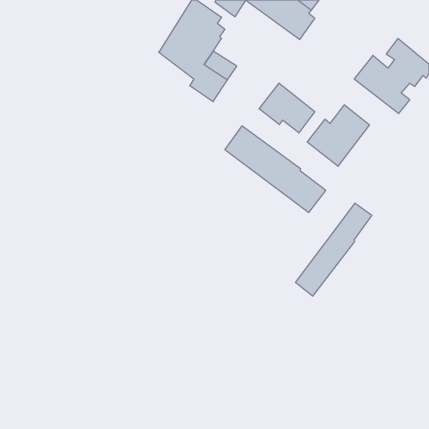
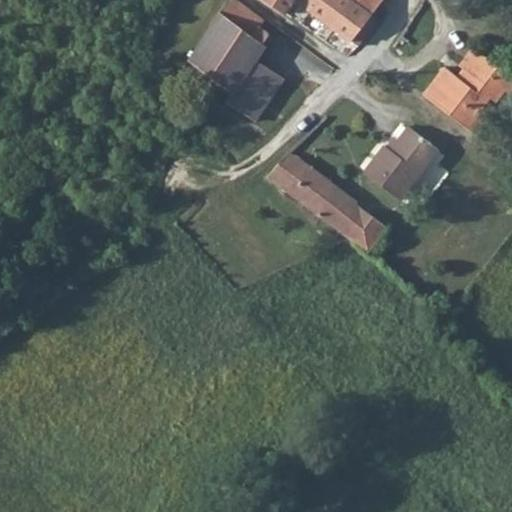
building: [259,83,315,133] -> none
building: [296,203,372,296] -> none

